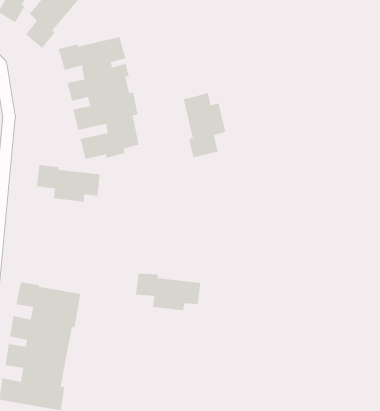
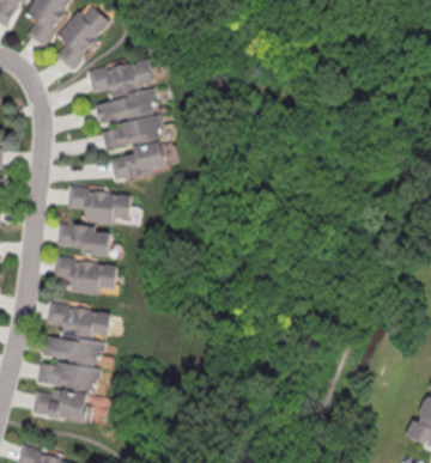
building: [183,93,226,158] -> none
building: none -> [59,224,121,255]
building: [135,273,201,311] -> [50,256,115,293]

